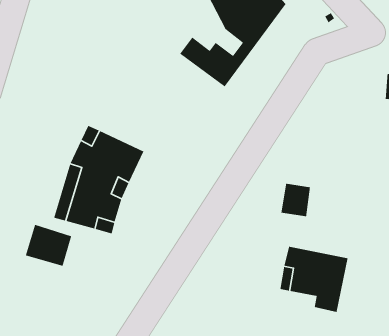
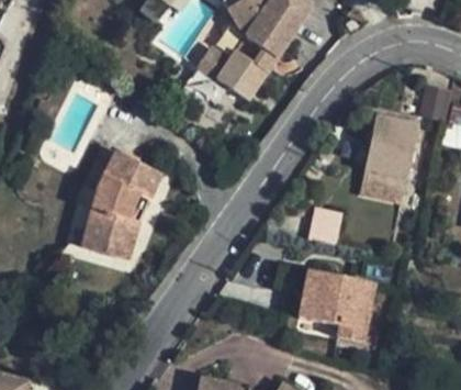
building: none -> [360,116,418,203]
building: [25,224,72,267] -> none

